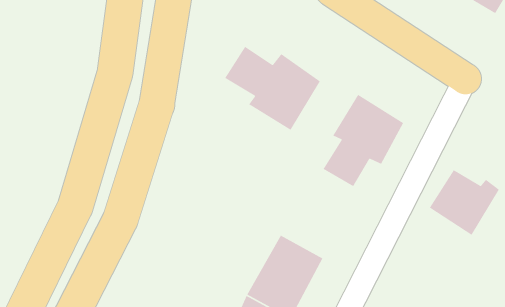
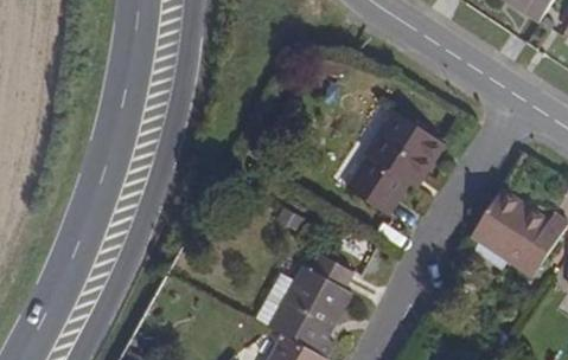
building: [224,46,321,131] -> none

